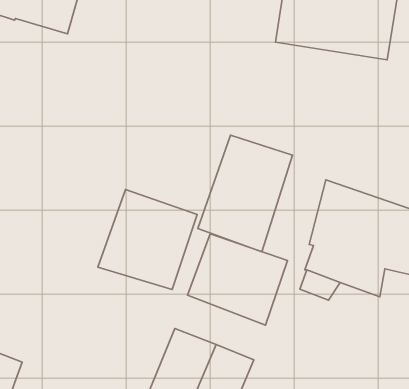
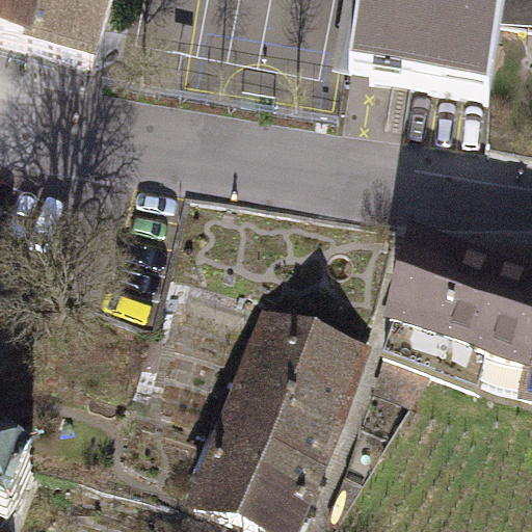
building: [198,135,292,252] -> none
building: [98,190,197,289] -> none
building: none -> [223,379,336,459]

